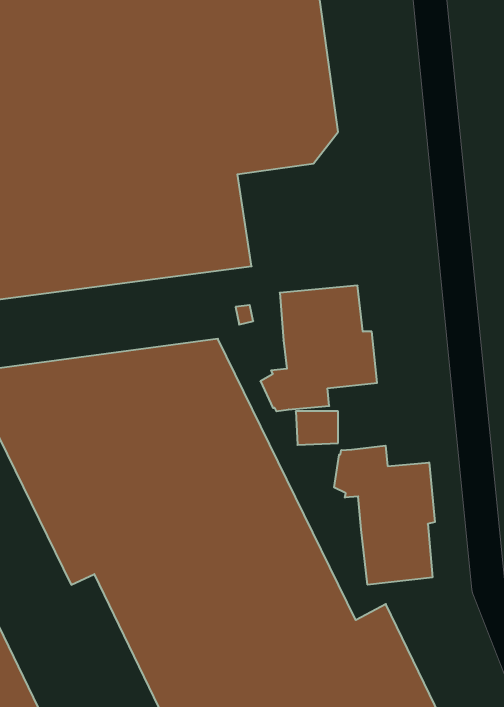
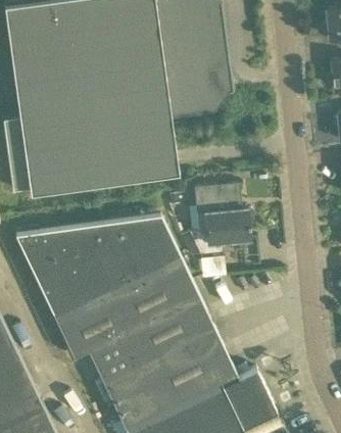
building: [334,446,435,585] -> none

